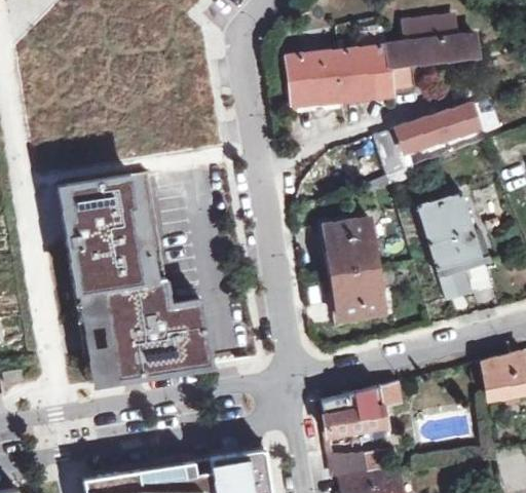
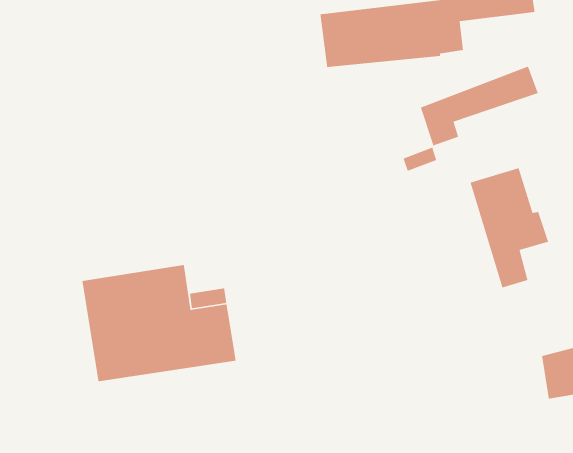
building: [58,174,165,294] -> none
building: [326,219,384,320] -> none
building: [323,381,402,437] -> none

